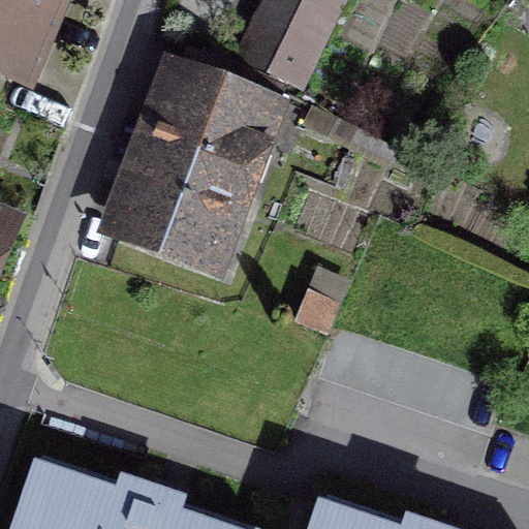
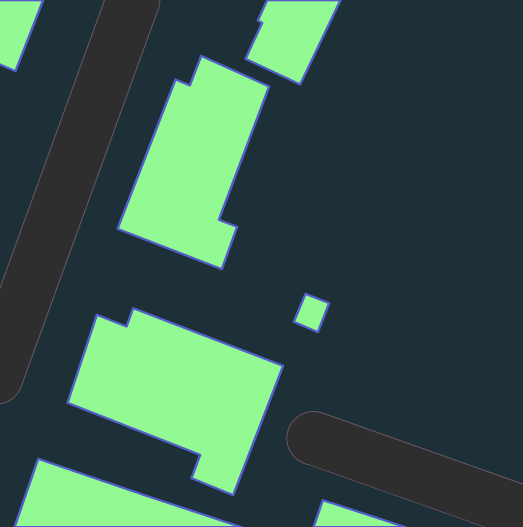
building: none -> [67,308,283,495]

